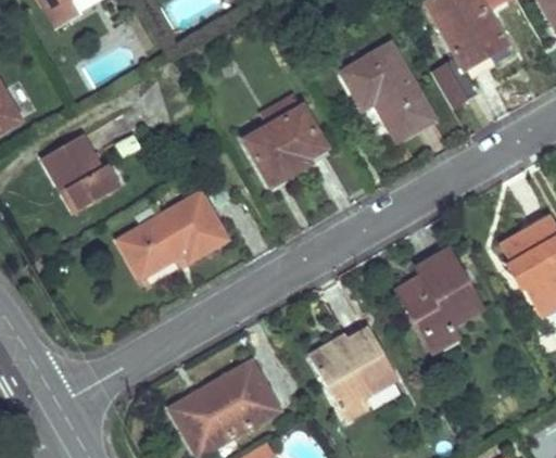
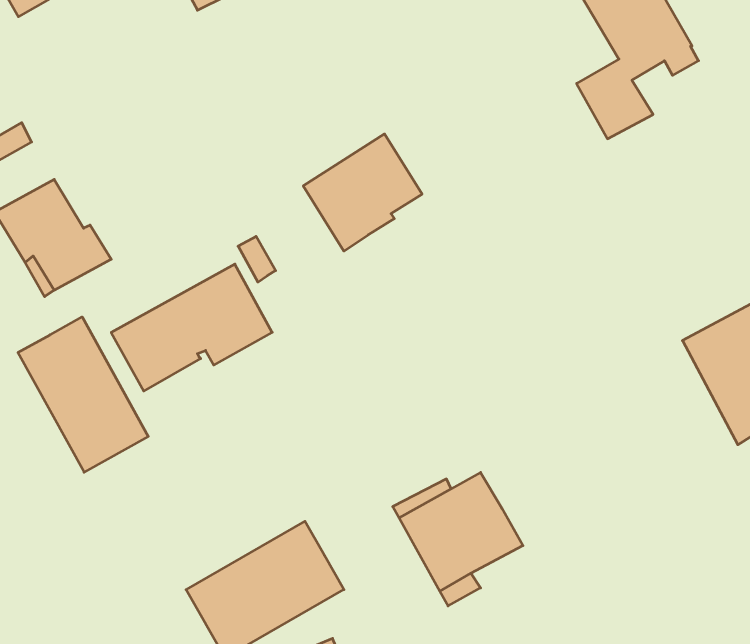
building: [344,44,432,139] -> none
building: none -> [18,317,148,472]
building: [397,250,480,346] -> none

